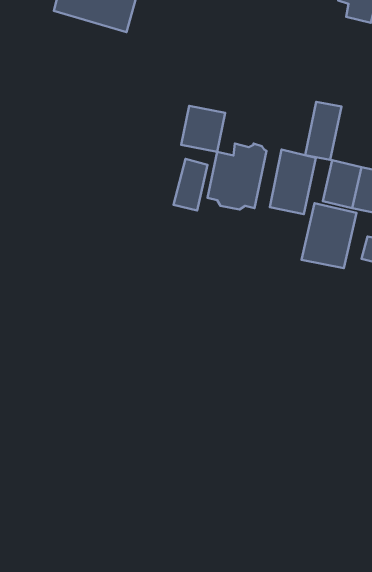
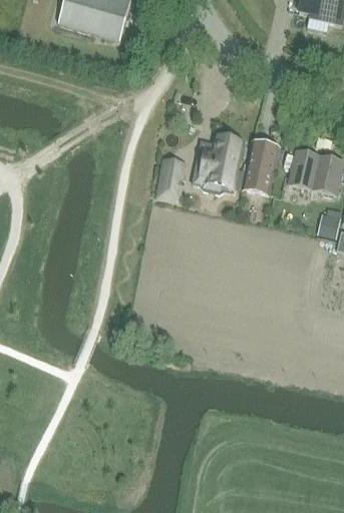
building: [305,102,341,160] -> none
building: [181,106,225,152] -> none
building: [301,203,356,268] -> none

